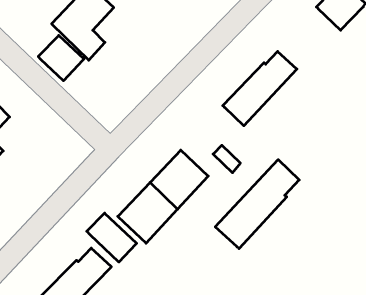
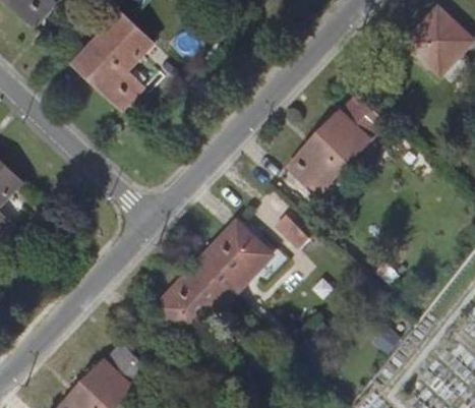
building: [38,35,84,81] -> none
building: [215,160,299,249] -> none
building: [87,213,137,262] -> none

